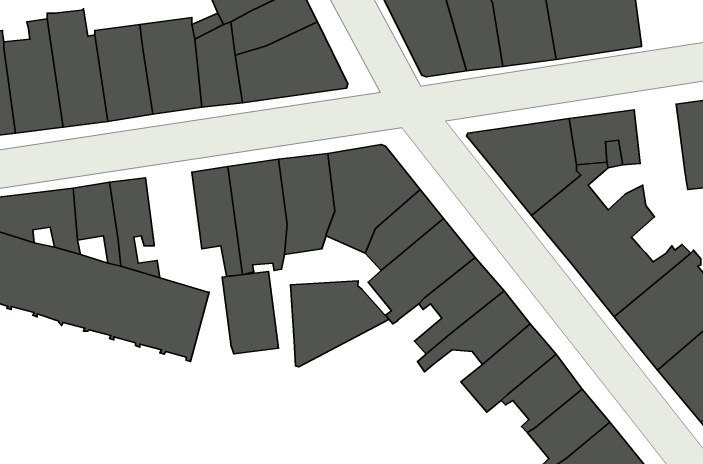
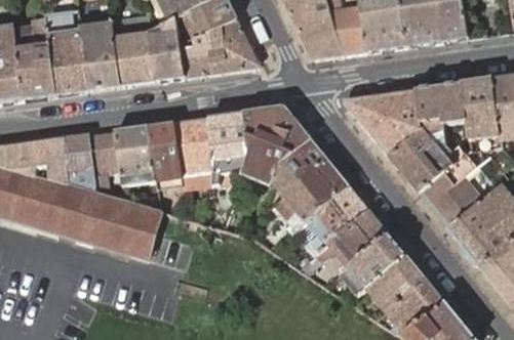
building: none -> [462,78,501,146]
building: [222,272,279,354] -> [115,126,155,184]
building: [291,281,389,367] -> none

